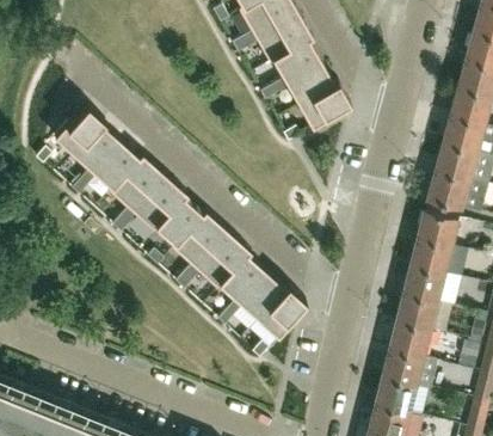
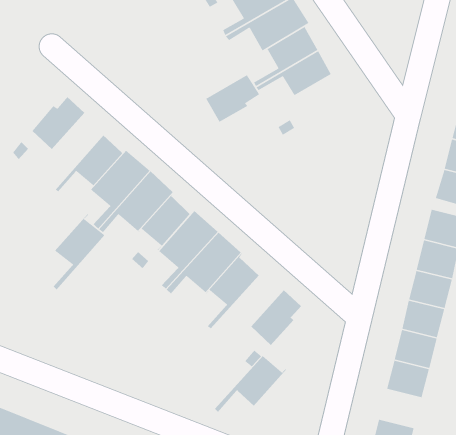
building: [297,82,349,128] -> [205,74,260,123]
building: [70,121,119,192] -> [53,214,105,290]
building: [220,272,288,326] -> [214,355,287,413]
building: [376,379,417,414] -> none

